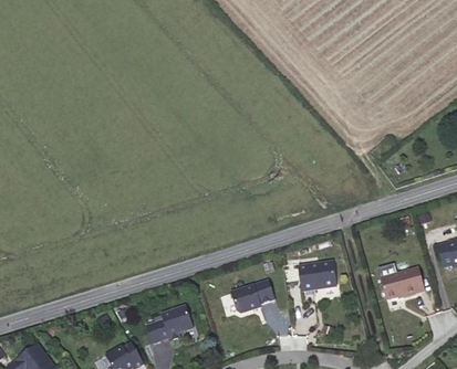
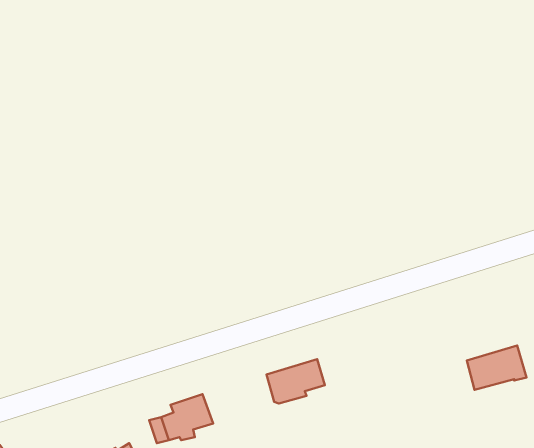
building: [299,263,336,292] -> none

